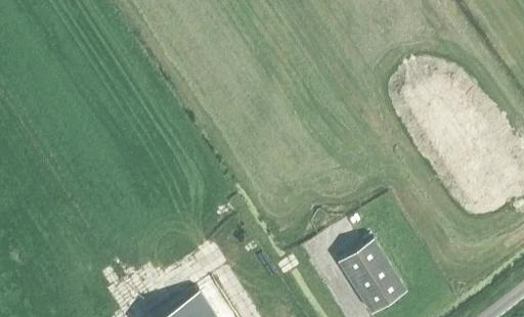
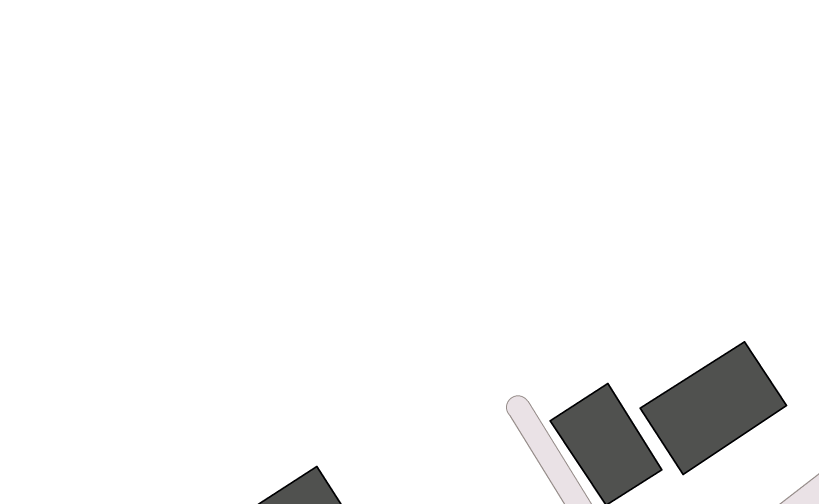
building: none -> [640,342,787,475]

